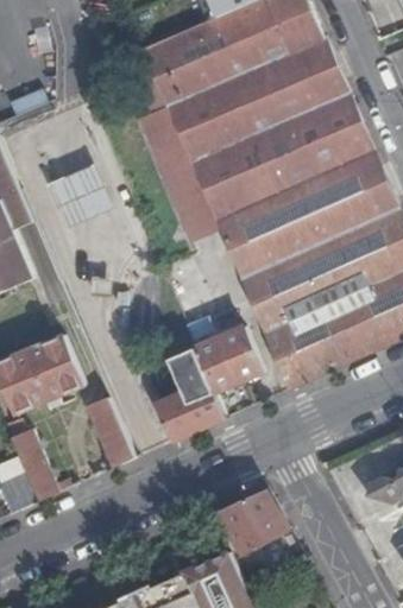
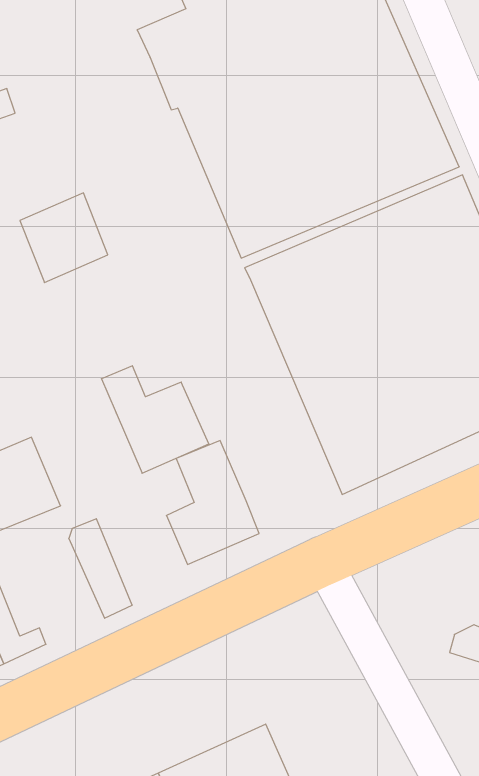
building: [132,100,218,238] -> none
building: [185,308,264,386] -> [101,366,209,473]
building: [220,487,289,552] -> none

